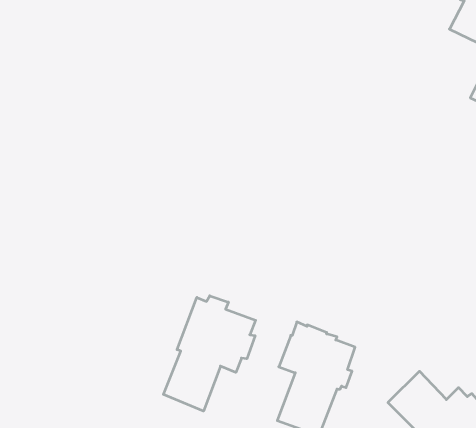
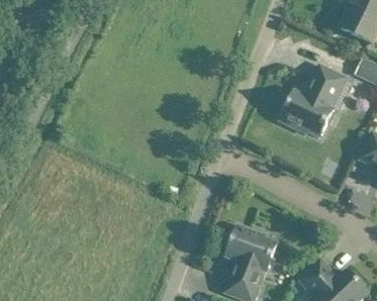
building: none -> [281,65,347,136]
building: [163,296,256,411] -> none

